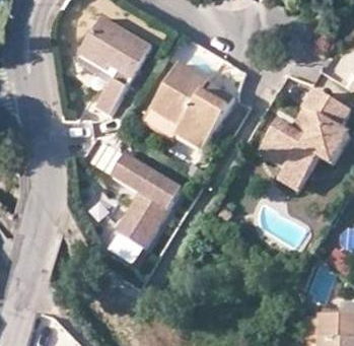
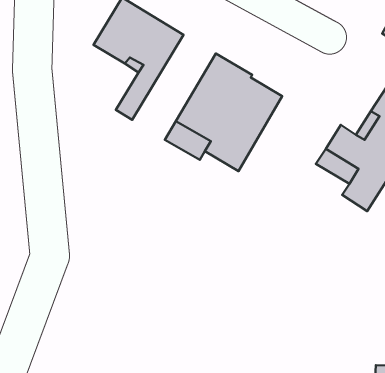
building: [112,156,183,253] -> none

